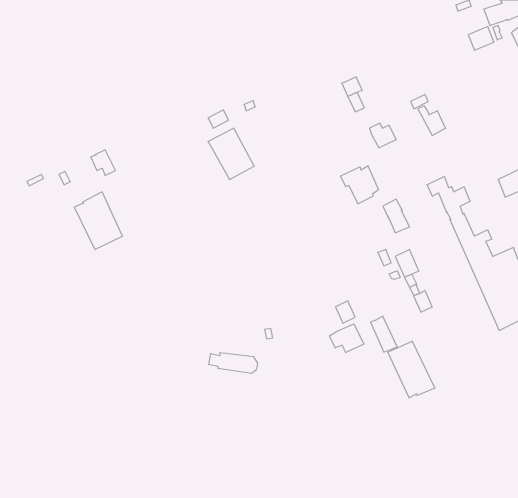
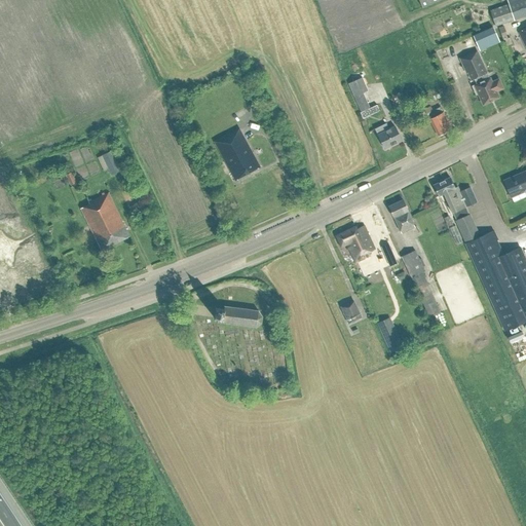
building: none -> [461,52,503,104]
building: [340,166,379,204] -> [337,225,375,263]
building: [330,324,364,353] -> none
building: [388,341,435,398] -> none
building: [208,353,258,373] -> [214,306,263,327]

